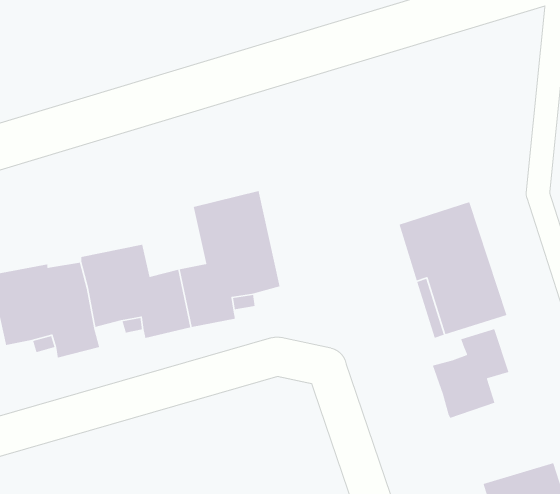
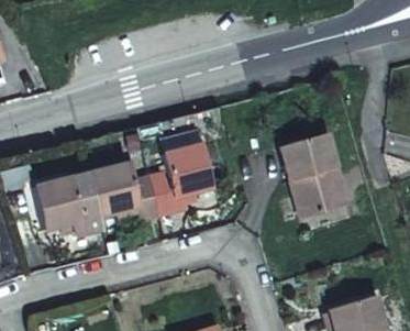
building: [432,328,509,419] -> none

